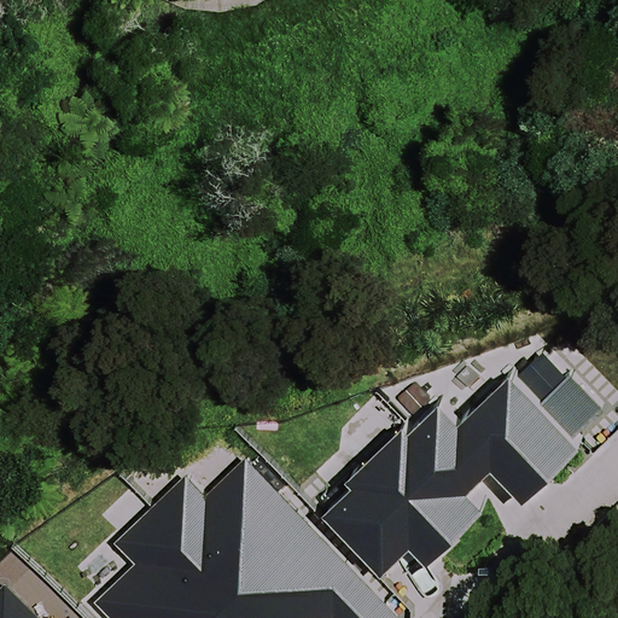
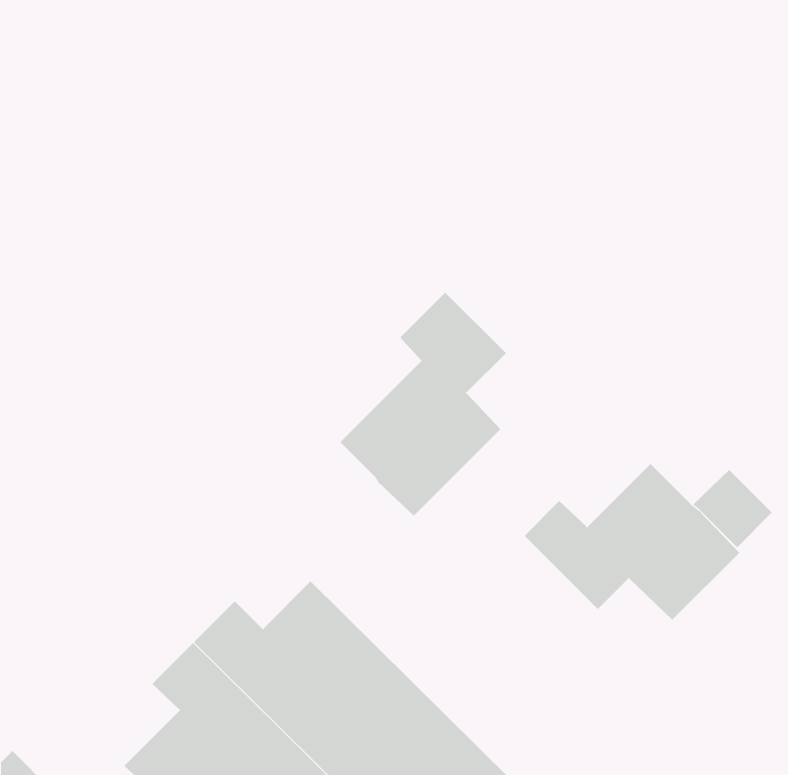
building: none -> [340,292,507,516]
building: [327,422,484,569] -> none

